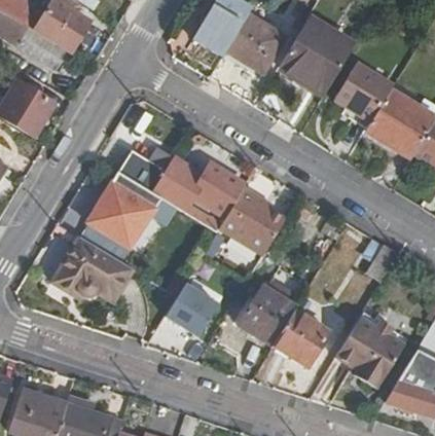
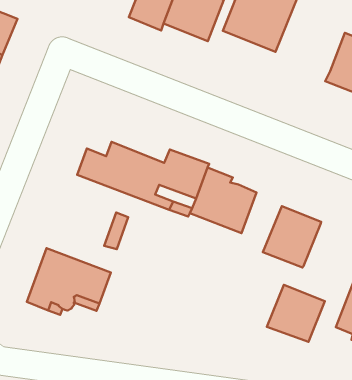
building: [333,60,394,120] -> none
building: [86,183,152,247] -> none
building: [173,281,211,320] -> none
building: [237,287,295,347] -> [263,206,321,267]

